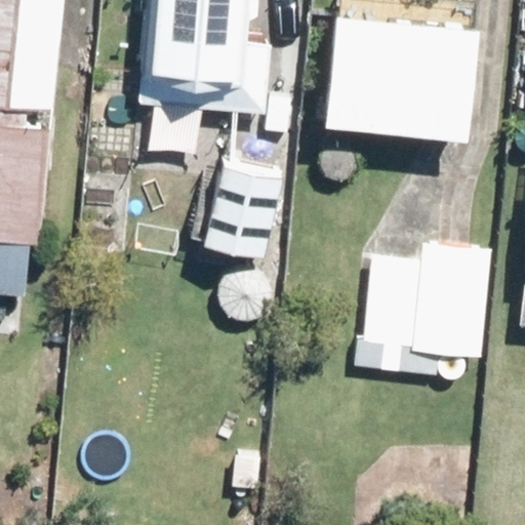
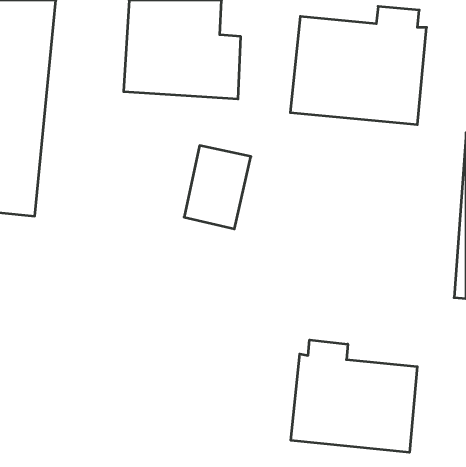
building: [356,243,489,372] -> none
building: none -> [291,340,417,452]

